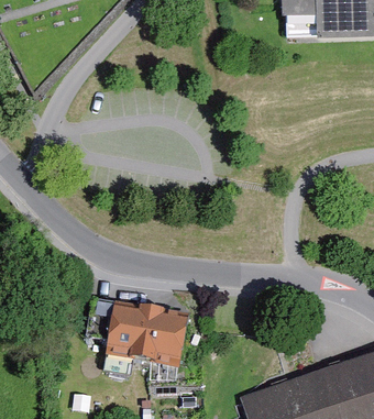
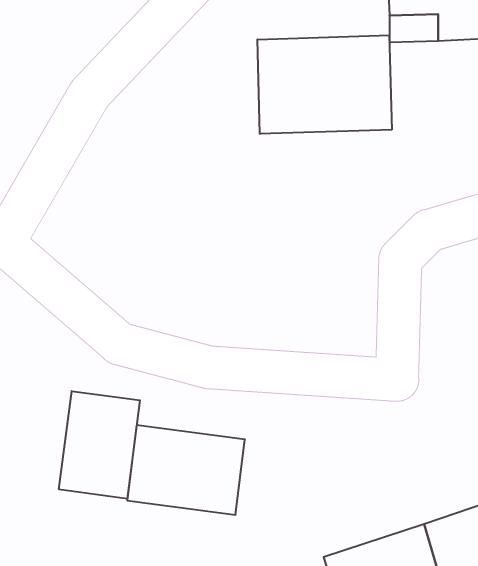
building: none -> [257,35,392,134]
building: none -> [59,391,140,499]

